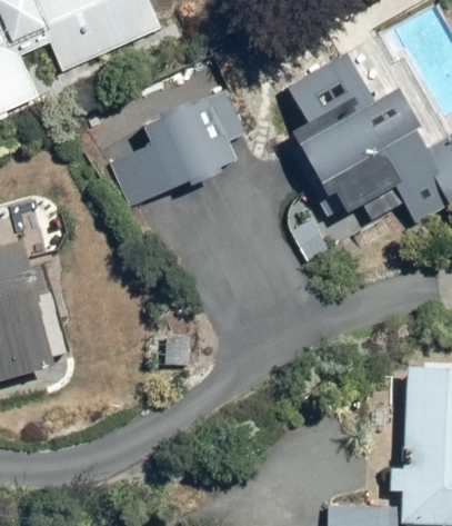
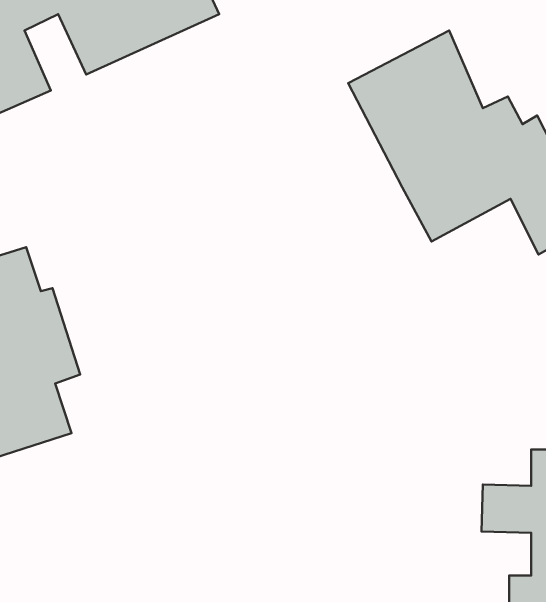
building: [111,77,245,207] -> none

